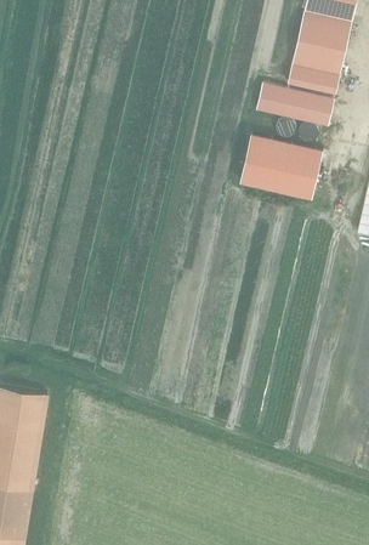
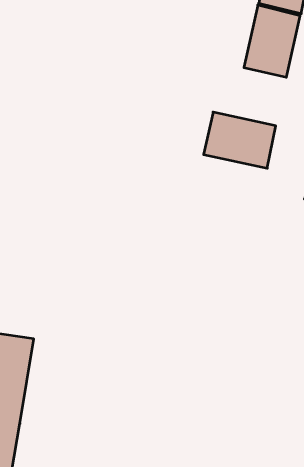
building: [255,85,334,127] -> none

